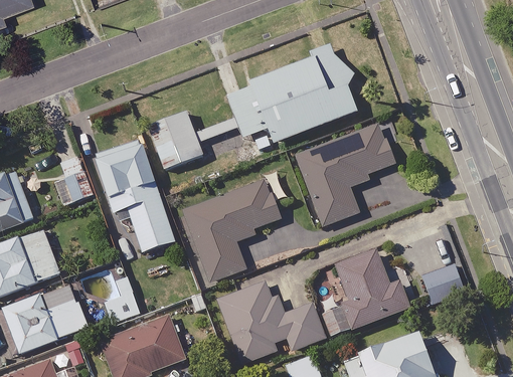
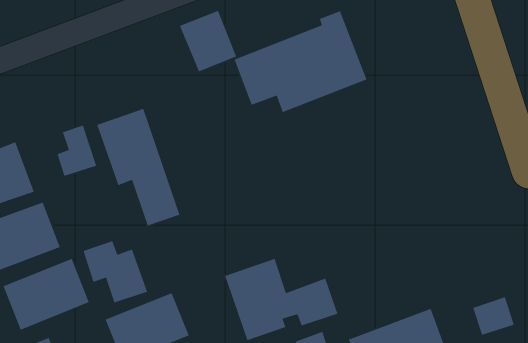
building: [147,110,203,170] -> [179,10,237,72]
building: [296,125,392,225] -> none
building: [182,171,301,281] -> none
building: [320,252,410,338] -> none
building: [422,264,464,303] -> [472,296,515,336]

